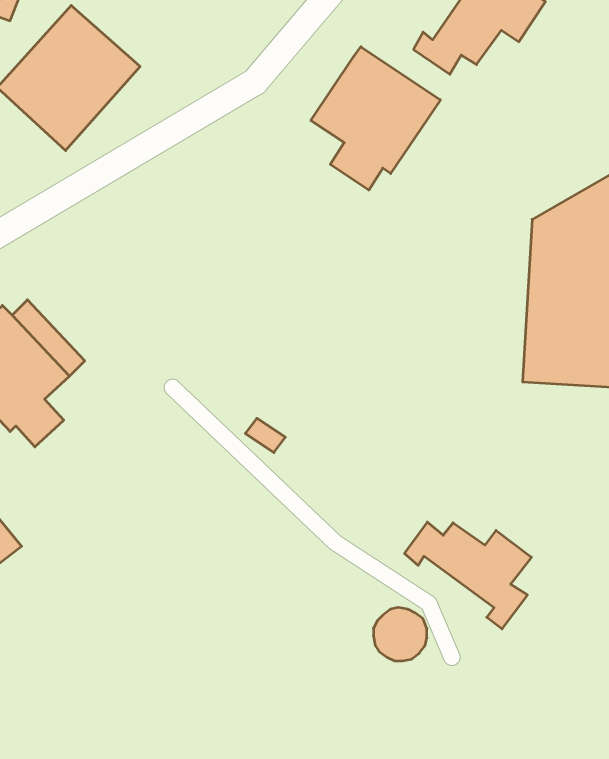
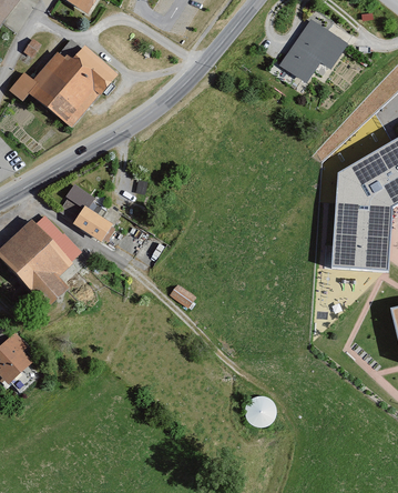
building: [311,47,440,190] -> none
building: none -> [65,189,115,239]
building: [405,522,531,629] -> none

